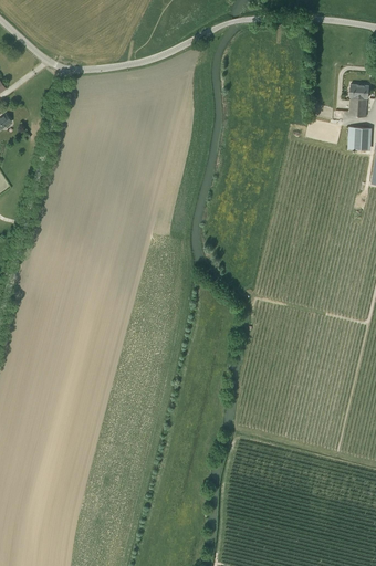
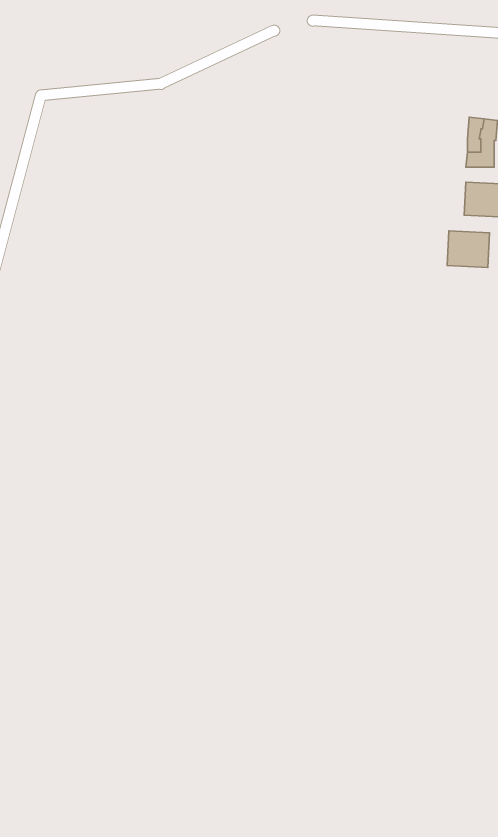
building: none -> [447,231,489,267]

